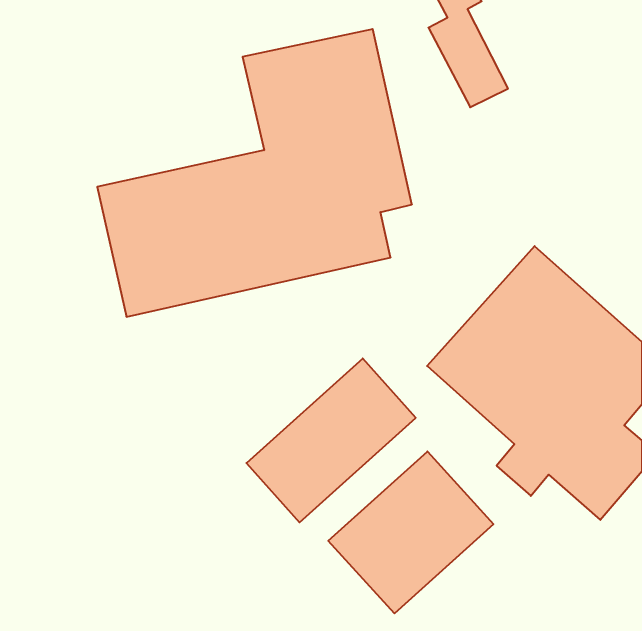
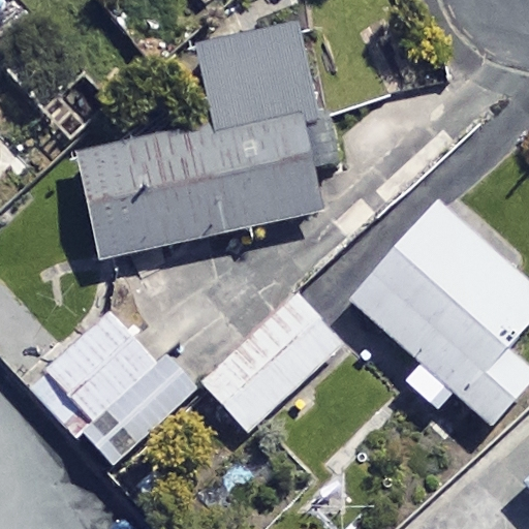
building: none -> [28,308,200,468]
building: [328,451,493,613] -> none

